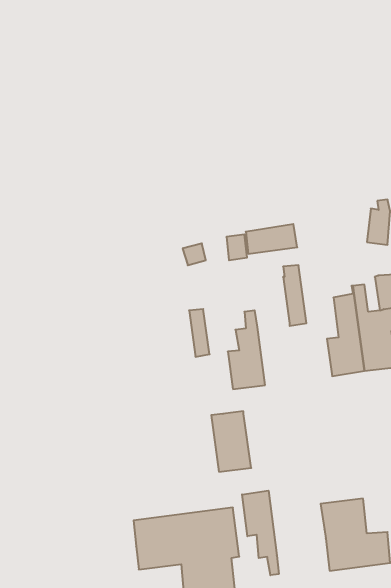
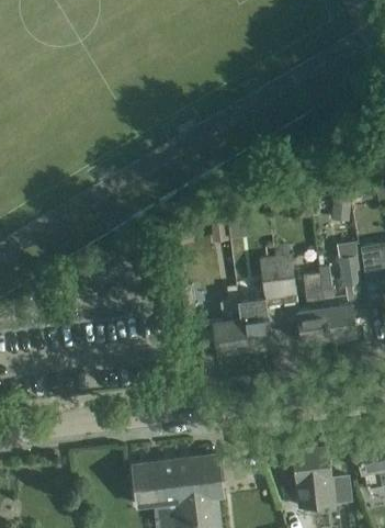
building: none -> [273,245,296,297]
building: [211,411,251,472] -> [238,297,272,349]
building: [242,491,279,575] -> none

